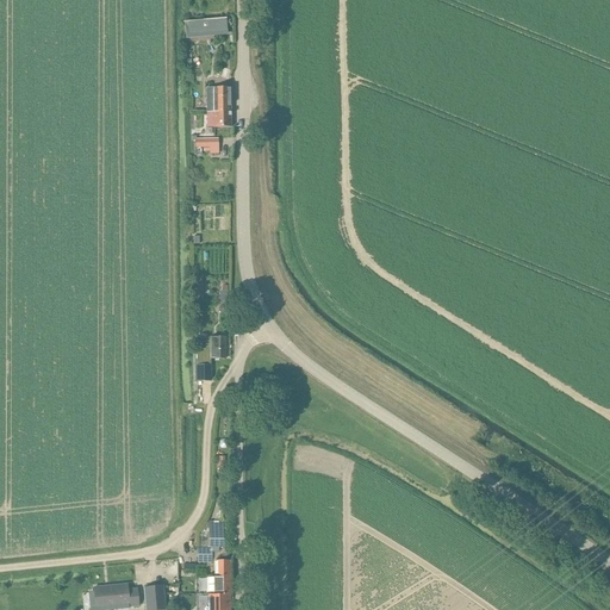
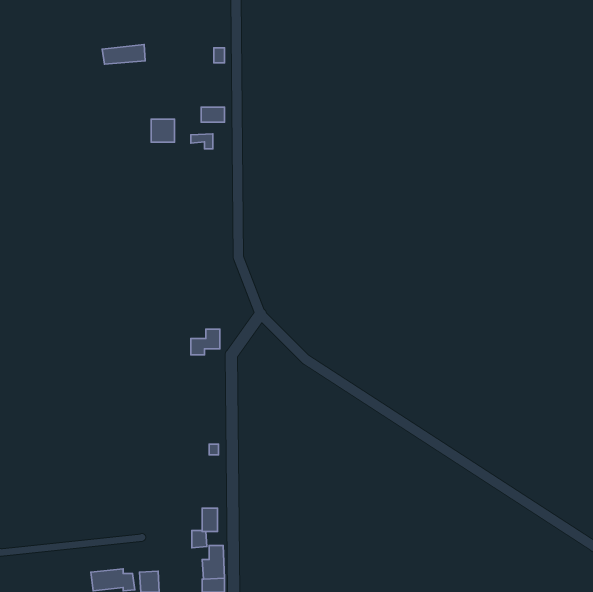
building: [185,18,229,38] -> [102,44,145,64]
building: [207,86,231,110] -> [151,119,174,142]

